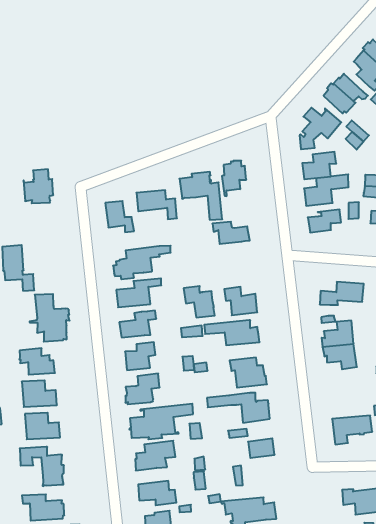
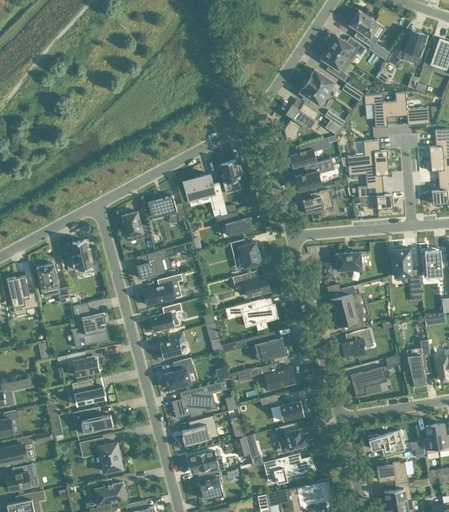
building: [24,169,53,203] -> [65,240,93,272]
building: [184,286,215,317] -> [230,239,261,267]
building: none -> [342,329,368,359]
building: none -> [278,423,311,449]

